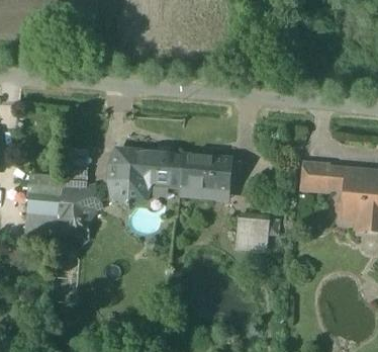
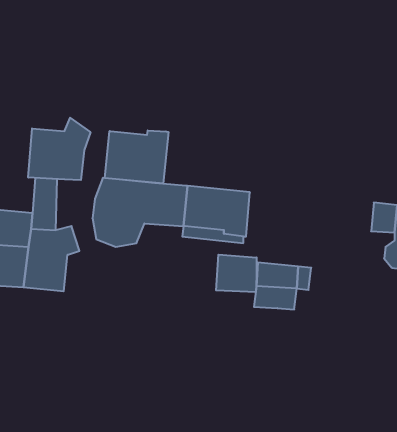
building: none -> [28,118,90,180]
building: none -> [105,130,168,183]
building: [299,161,328,189] -> none
building: none -> [216,255,257,292]

